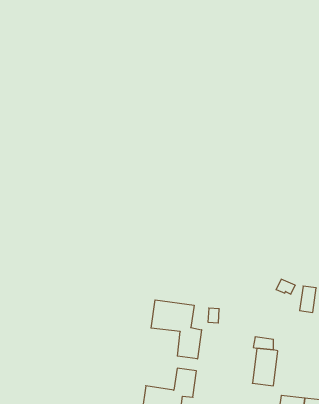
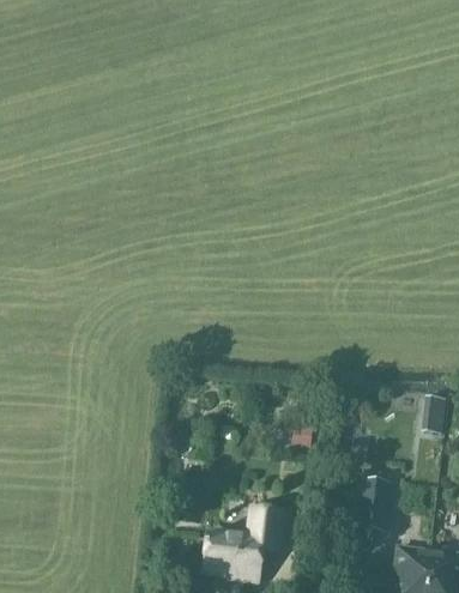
building: [151,300,202,359] -> none

